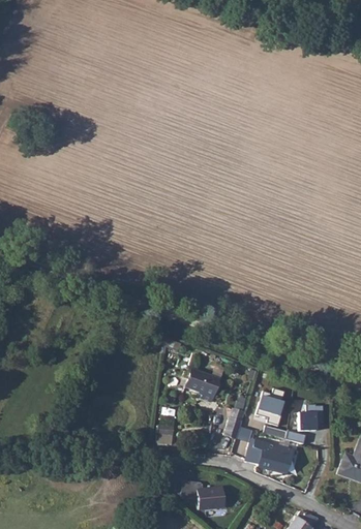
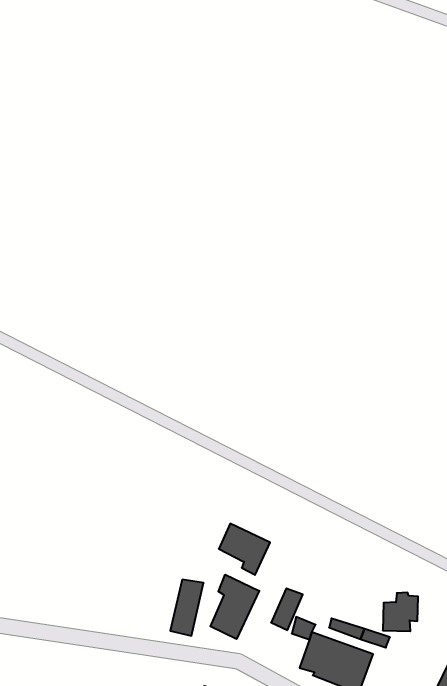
building: [257,387,285,424] -> none
building: none -> [210,575,259,639]

